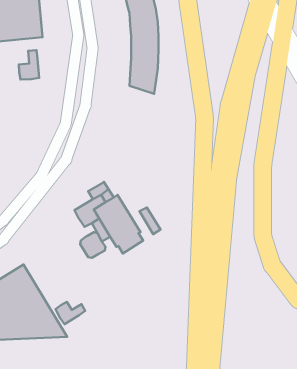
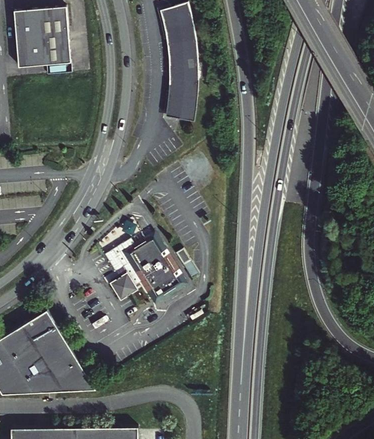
building: [19,50,39,79] -> none
building: [56,302,85,324] -> none

